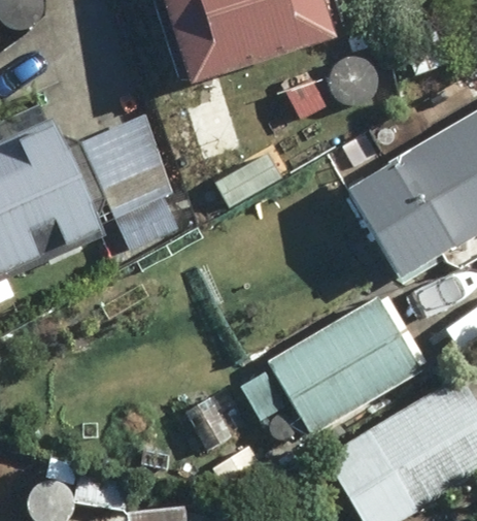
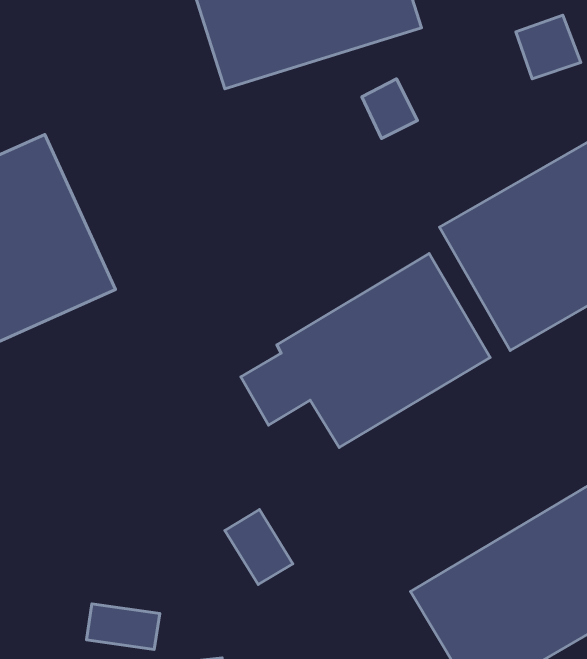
building: [78,112,179,252] -> none
building: [239,294,424,438] -> [241,254,490,447]

